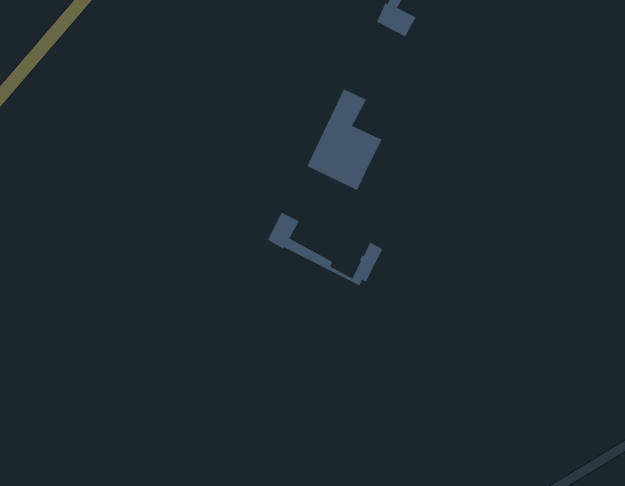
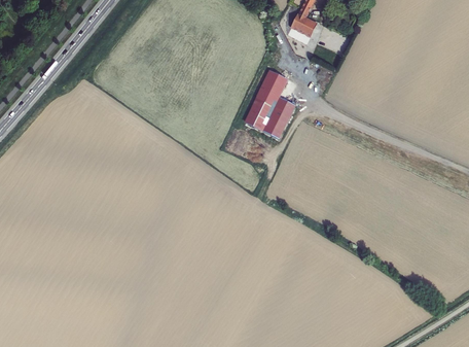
building: [267,212,383,286] -> none

